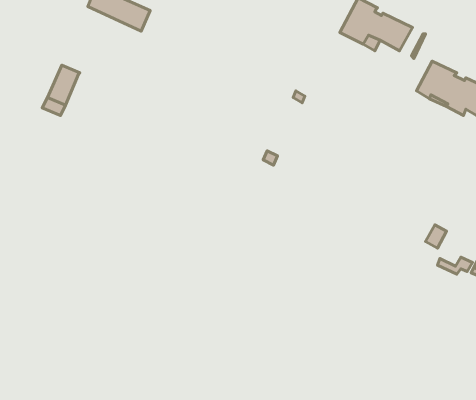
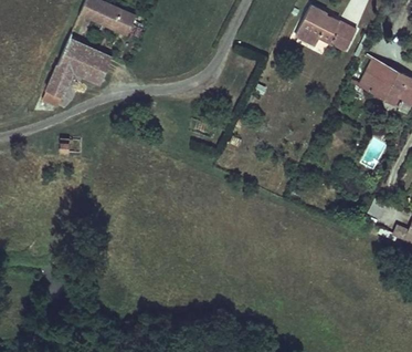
building: none -> [59,38,110,82]

